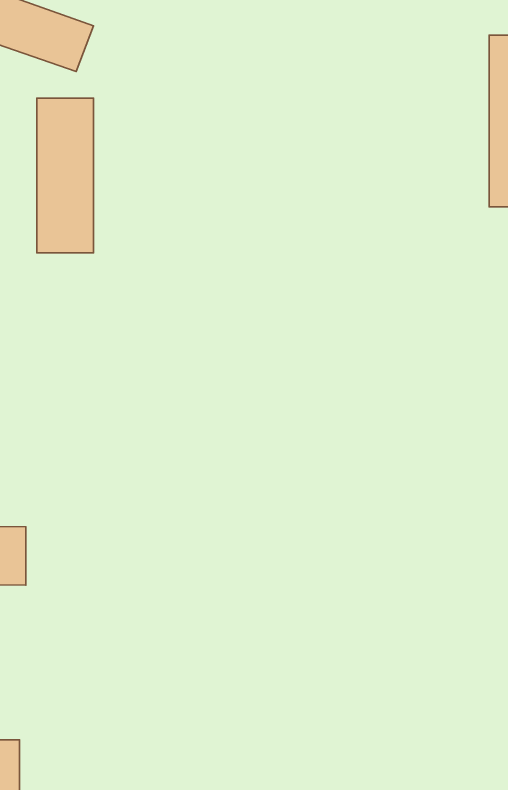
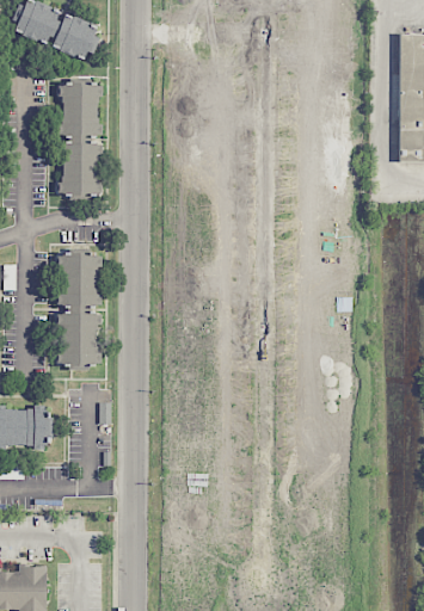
building: none -> [56,249,100,370]

